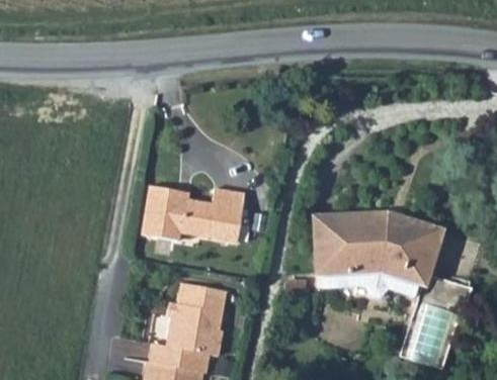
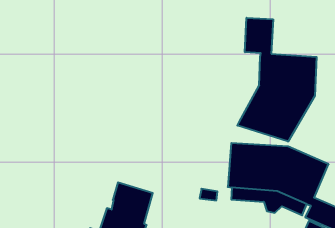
building: none -> [237,18,317,142]
building: [141,185,244,242] -> none

